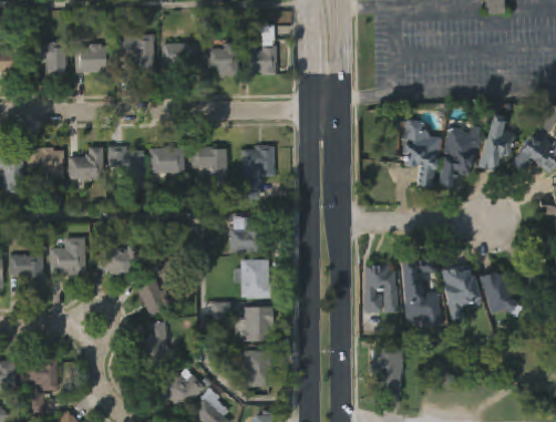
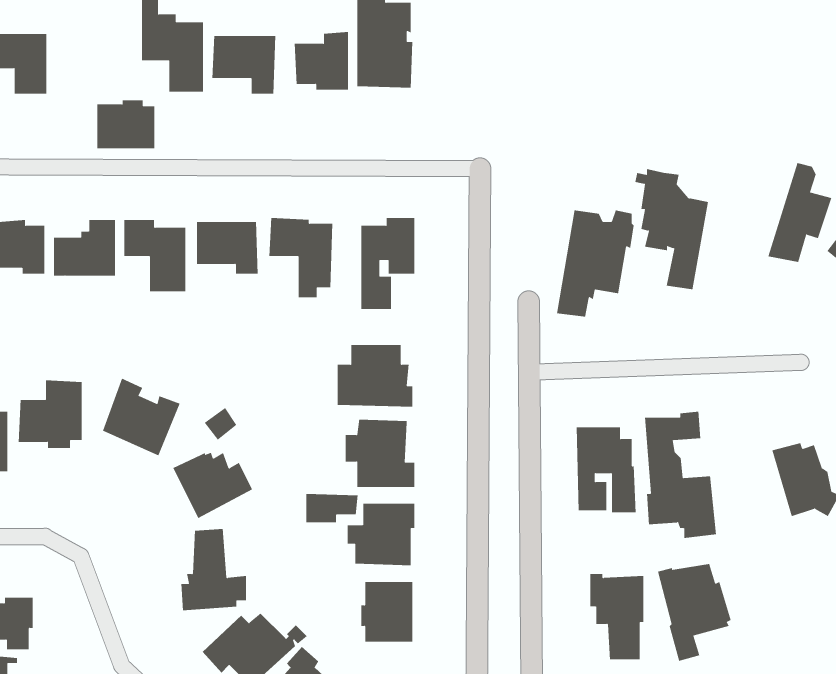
building: [75,43,109,71] -> [96,100,155,149]
building: [434,126,478,187] -> [556,210,635,317]
building: [437,266,480,321] -> [657,564,731,661]

